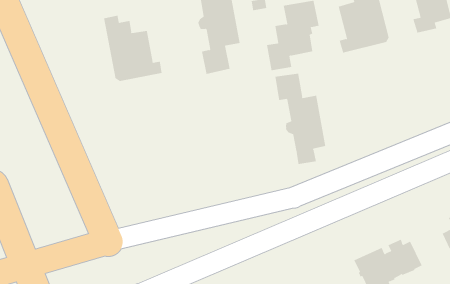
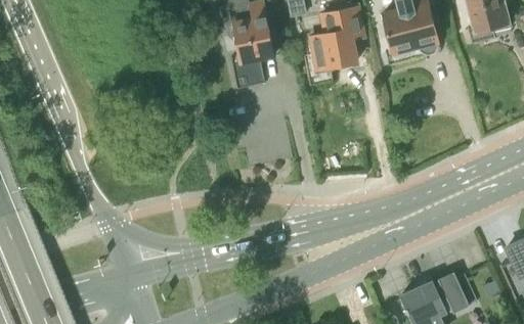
building: [104,15,162,82] -> none
building: [275,73,326,165] -> none

